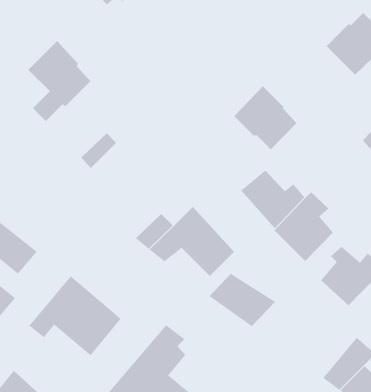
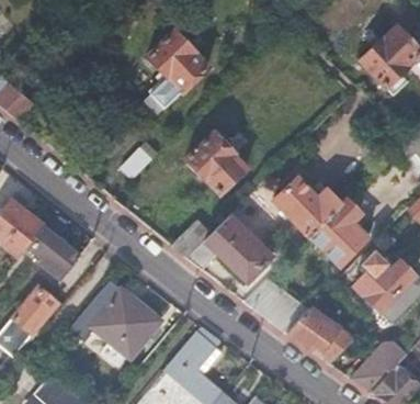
building: [28,40,91,122] -> [147,29,208,108]
building: [233,86,297,150] -> [186,132,248,194]
building: none -> [286,306,354,358]

